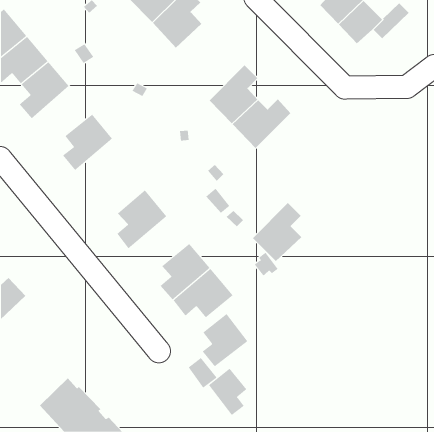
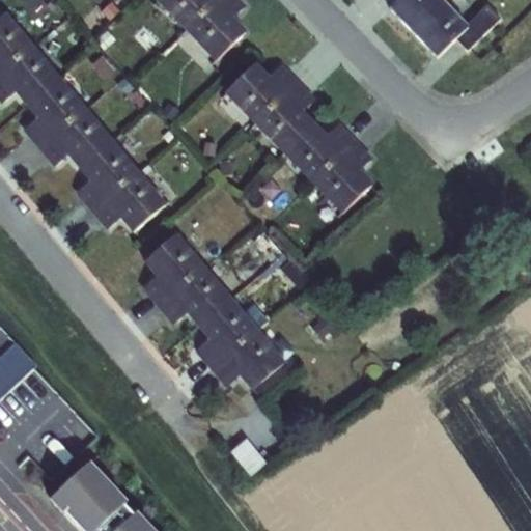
building: none -> [225,61,299,122]
building: none -> [38,105,113,166]
building: none -> [91,169,166,230]
building: [252,202,302,262] -> [312,138,373,211]
building: none -> [157,263,231,325]
building: [202,313,248,367] -> none
building: [208,368,247,416] -> none

